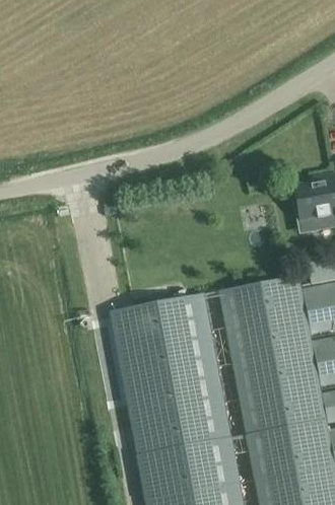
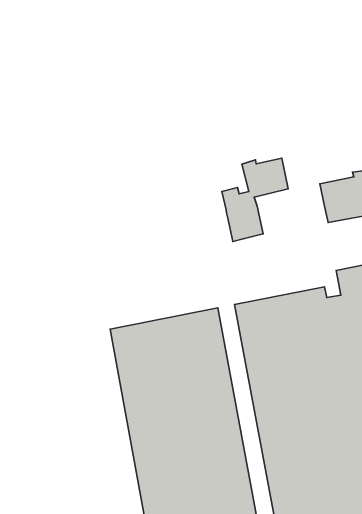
building: none -> [222,158,288,241]

